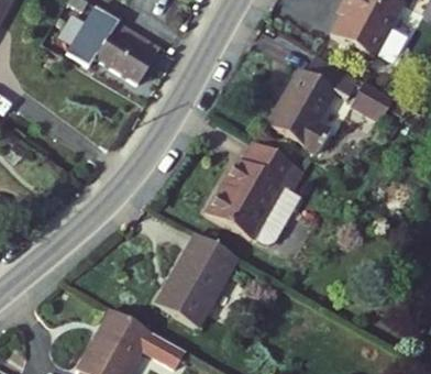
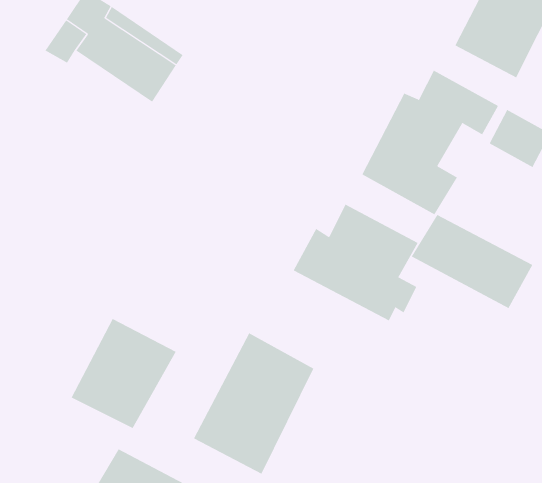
building: [208,193,290,256] -> [411,214,533,309]
building: none -> [71,318,176,429]

